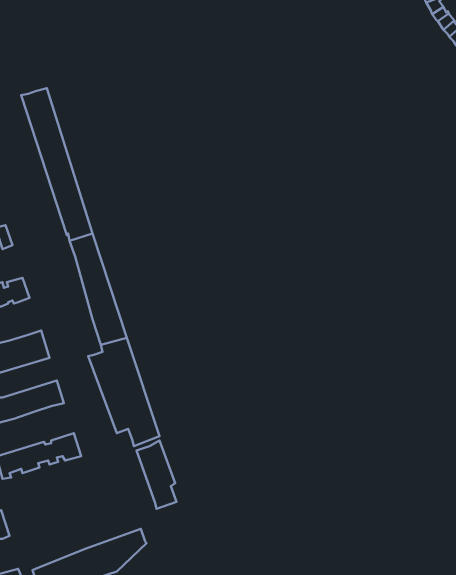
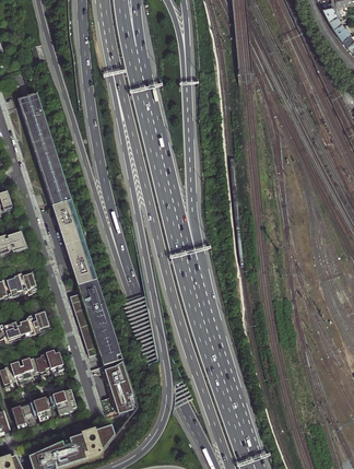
building: none -> [11,388,76,426]

